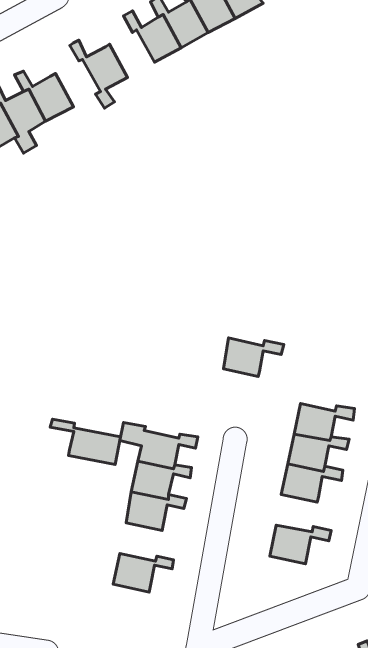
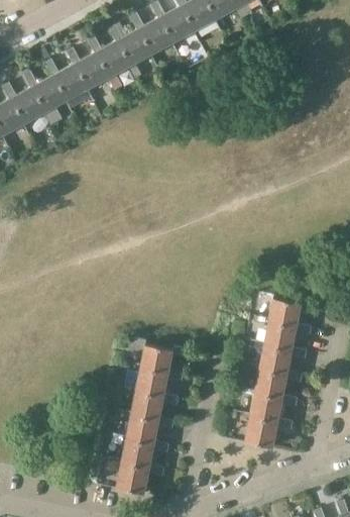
building: none -> [108,25,153,66]
building: none -> [65,48,111,89]
building: [223,338,284,376] -> [268,298,316,328]
building: [50,419,120,465] -> none
building: none -> [249,394,298,423]
building: none -> [126,416,173,446]
building: none -> [116,464,164,495]

